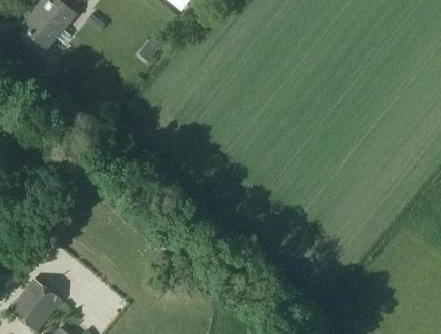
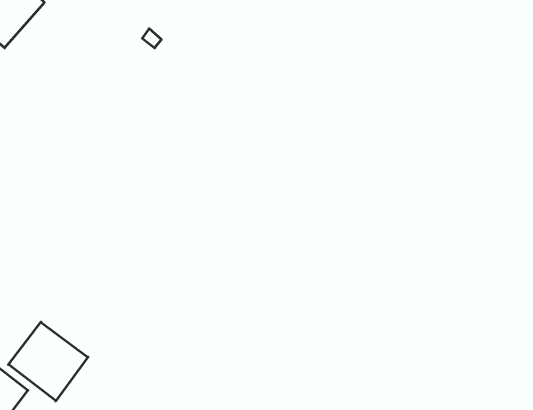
building: none -> [8,322,88,401]

